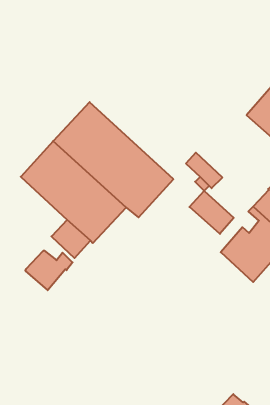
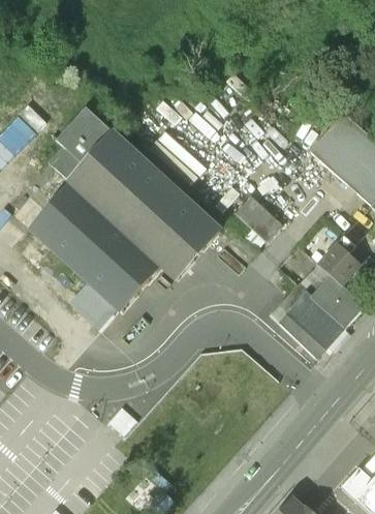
building: none -> [46,109,115,182]
building: [189,191,234,234] -> none
building: [25,251,73,290] -> none

